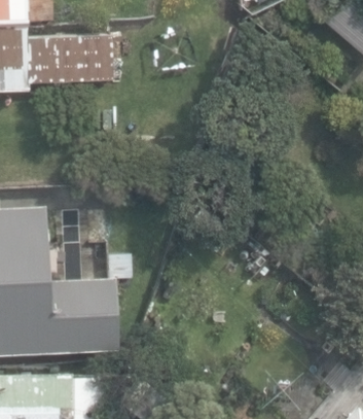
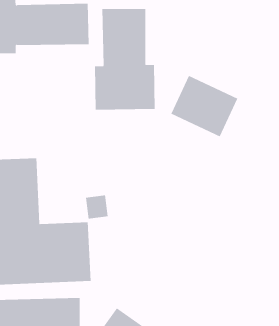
building: none -> [95,8,155,110]

